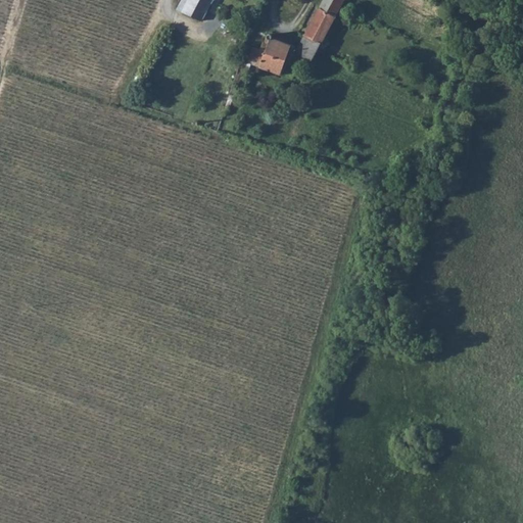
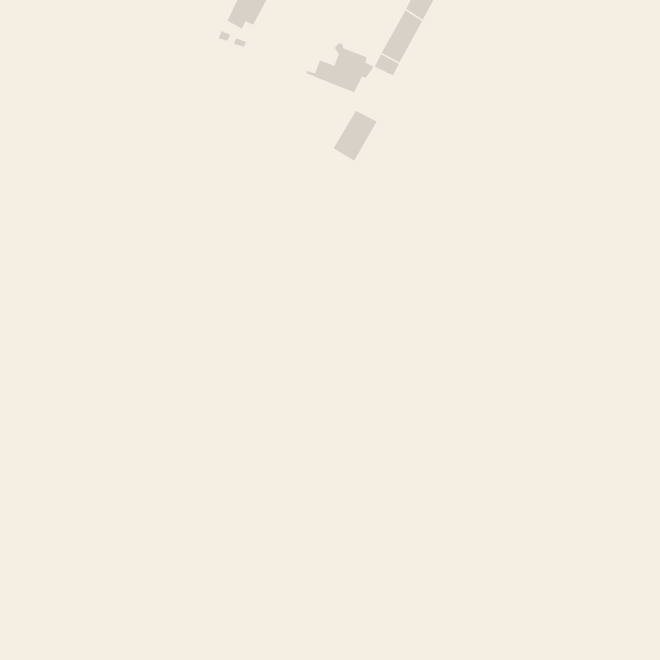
building: none -> [332,110,378,162]

